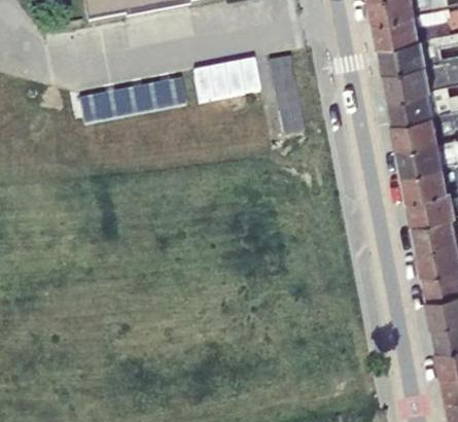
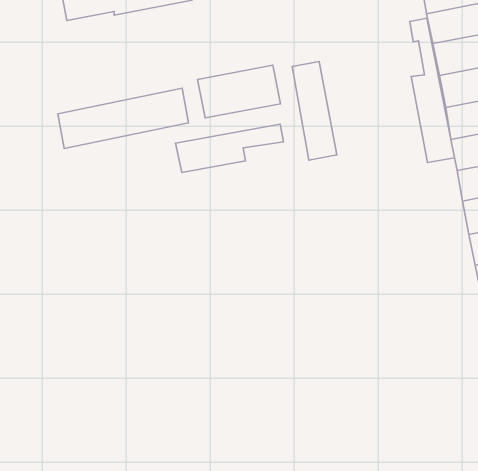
building: none -> [410,18,454,163]
building: none -> [176,124,283,172]

